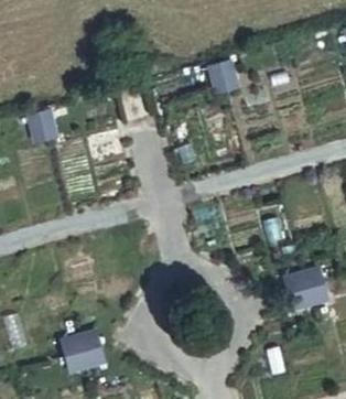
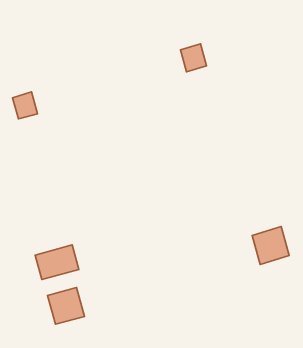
building: none -> [35,245,79,280]

